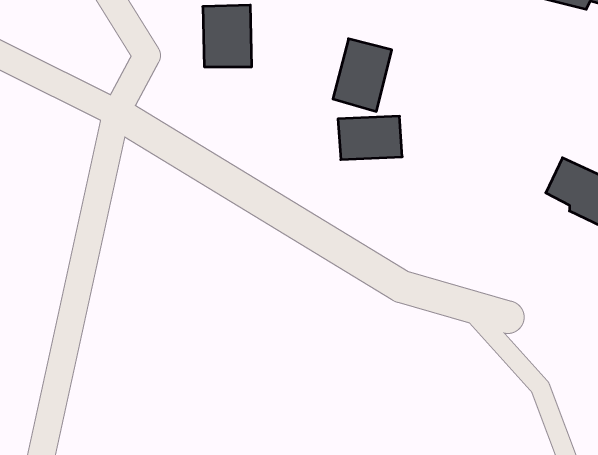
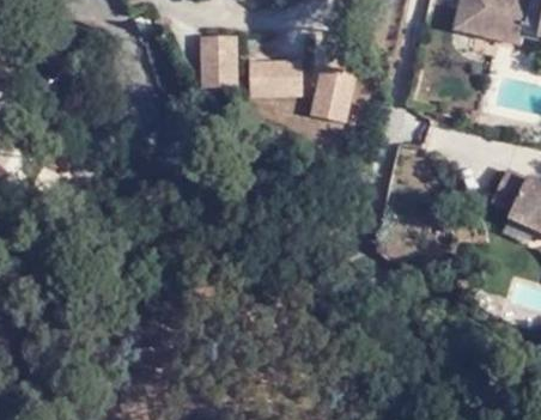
building: [338,116,402,160] -> [247,57,302,95]

